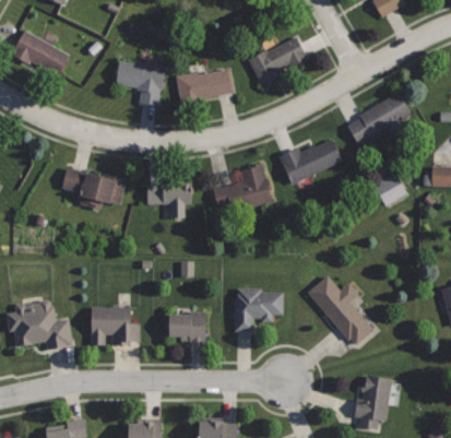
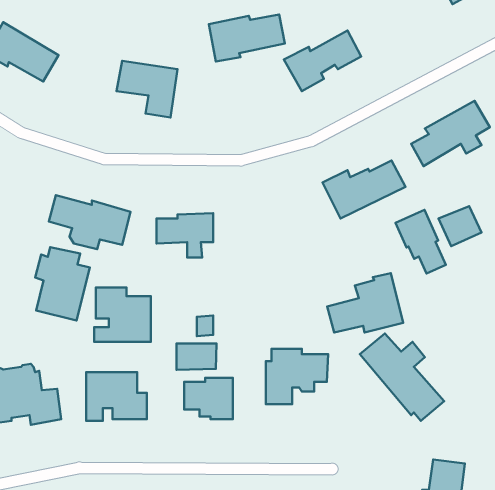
building: [175,68,235,105] -> [209,14,285,61]
building: [212,163,272,210] -> [327,273,403,333]
building: none -> [395,210,446,273]
building: none -> [35,247,90,321]
building: none -> [94,288,151,342]
building: none -> [176,343,216,370]

